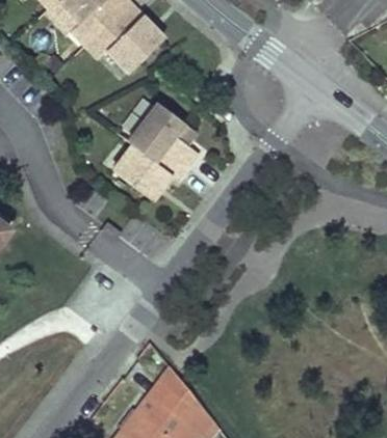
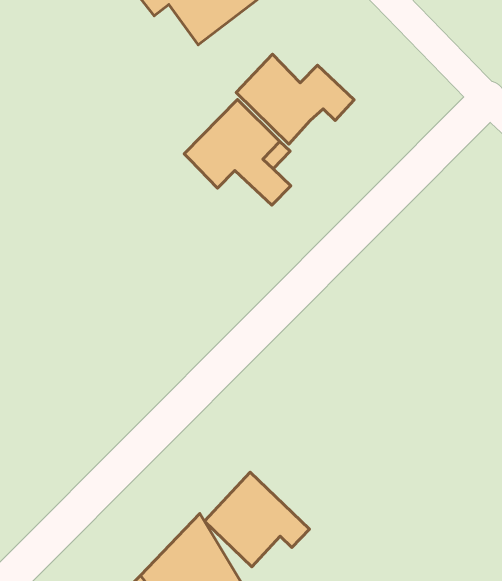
building: [114,145,189,200] -> [236,54,354,144]
building: none -> [205,472,309,567]

